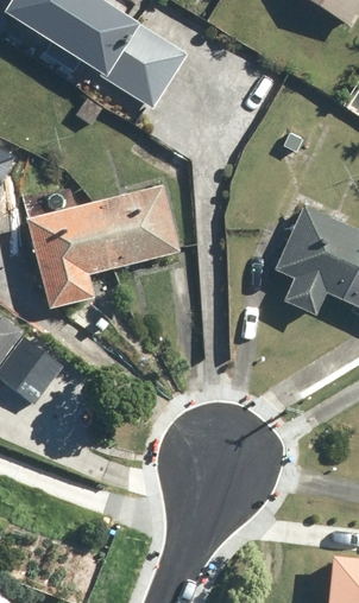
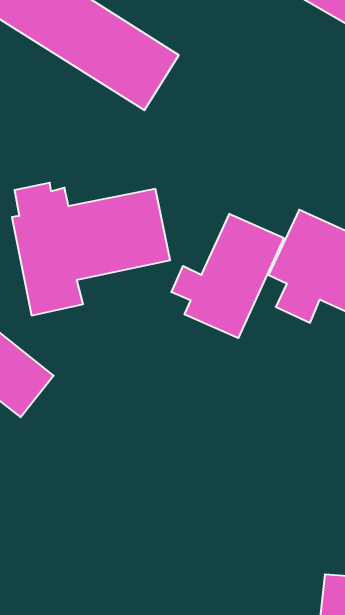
building: none -> [171,214,284,338]

